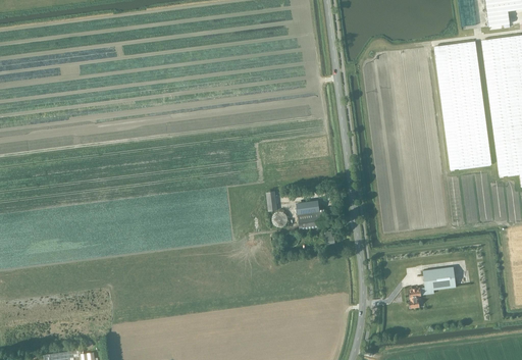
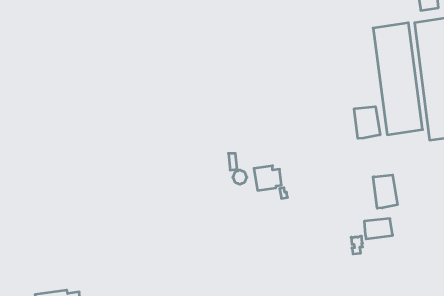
building: none -> [354,107,380,138]
building: none -> [373,175,397,208]

